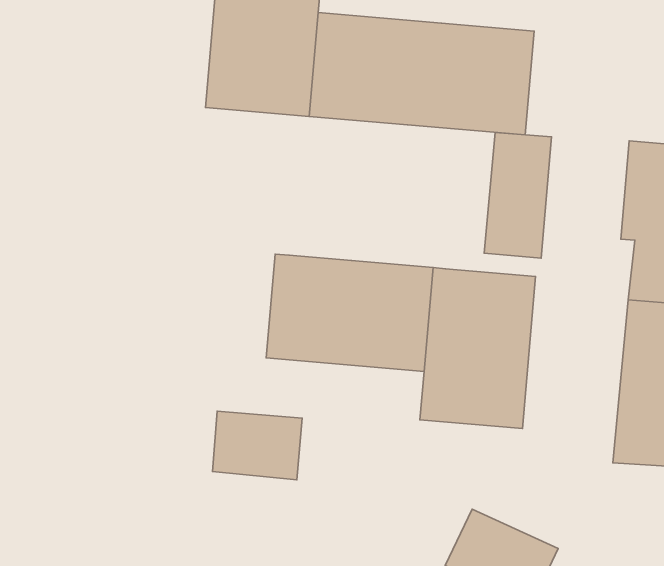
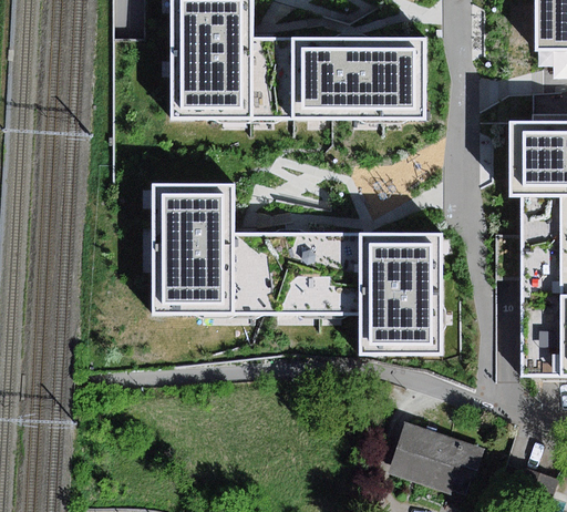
building: [484,133,551,258] -> none
building: none -> [152,183,236,315]
building: [213,411,302,480] -> none

